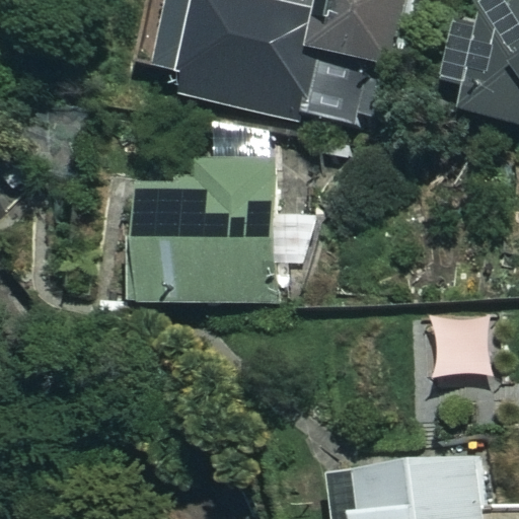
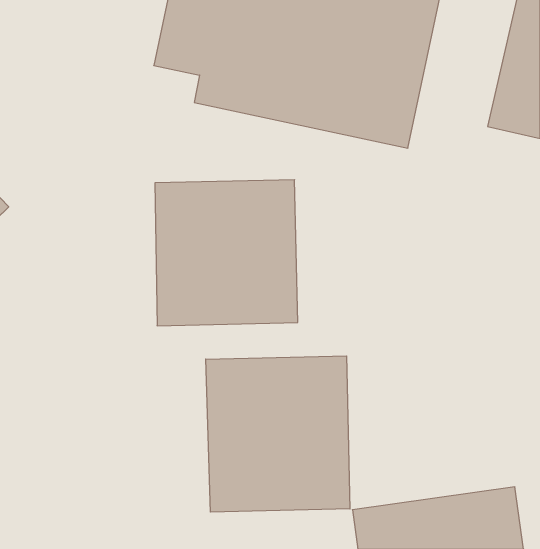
building: none -> [206,356,350,512]

